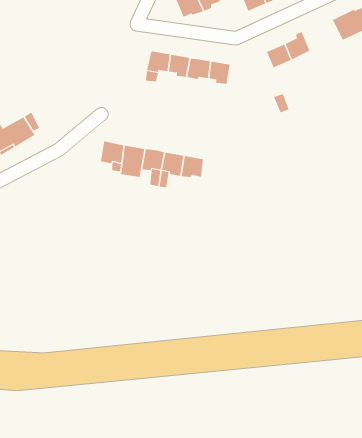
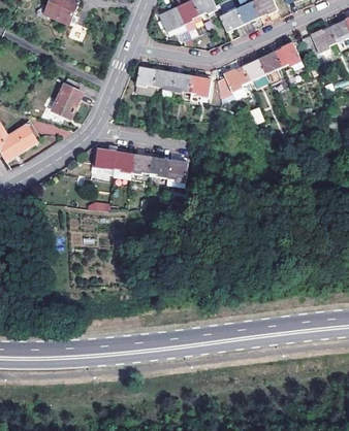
building: none -> [275,42,302,66]
building: none -> [218,67,249,98]
building: none -> [52,77,83,118]

